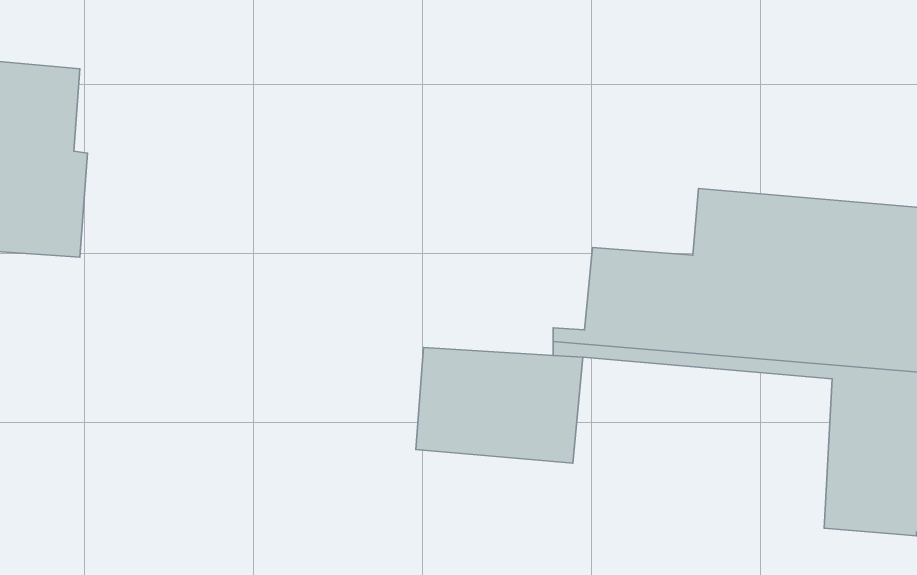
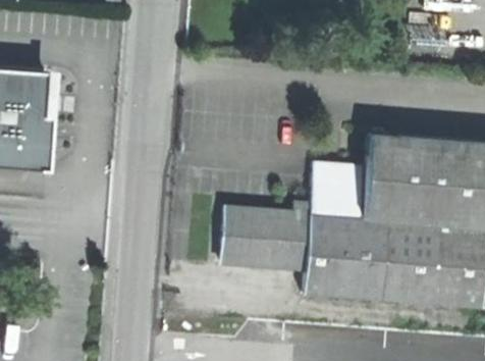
building: none -> [303,219,439,308]

